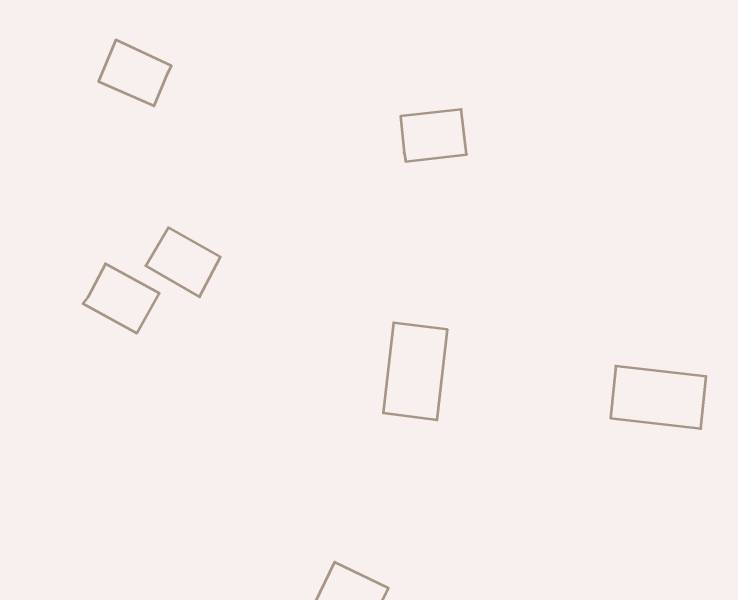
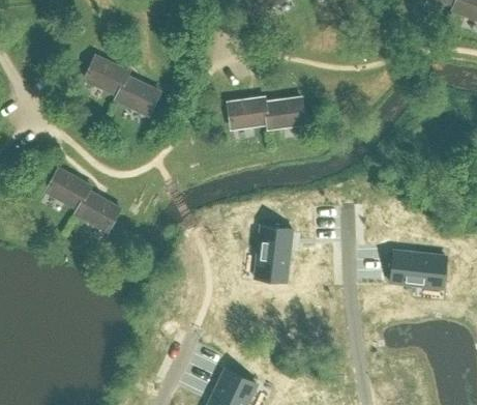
building: none -> [116,76,159,115]
building: none -> [228,97,267,127]
building: [146,228,220,297] -> [47,168,91,209]

